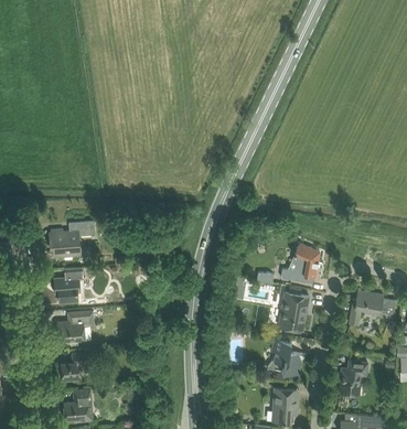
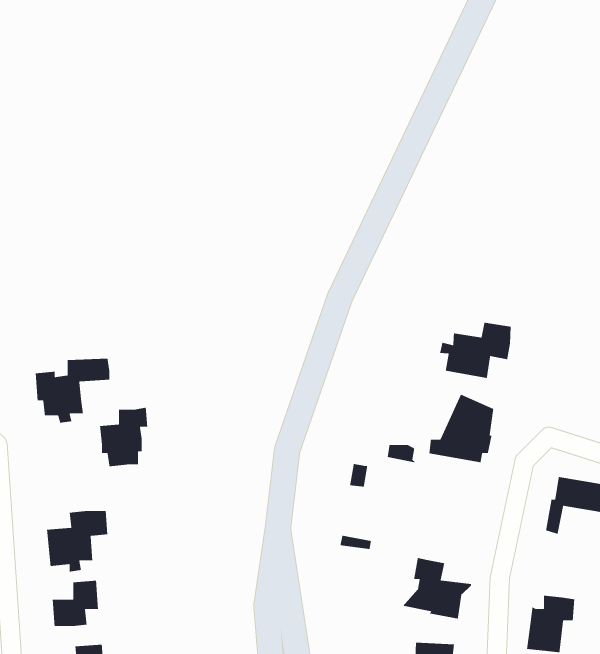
building: none -> [439,322,512,379]
building: [53,267,82,302] -> [99,407,148,467]
building: [278,292,308,331] -> none

